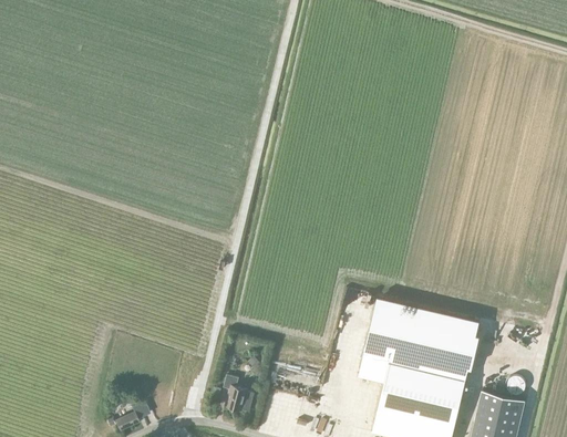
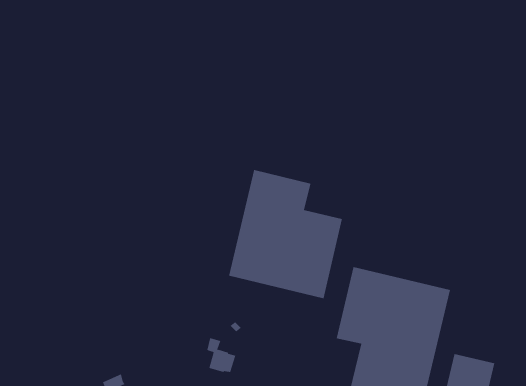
building: none -> [228,169,343,299]

